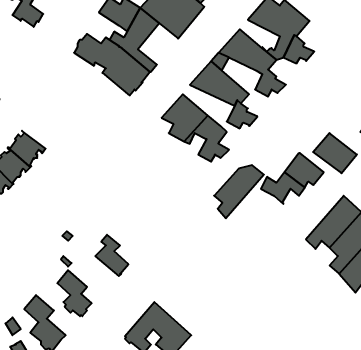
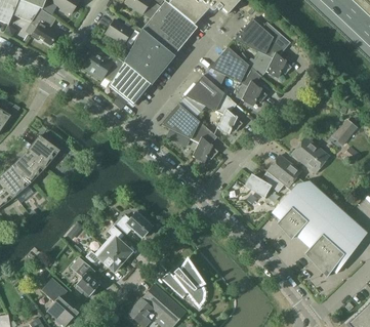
building: none -> [139,42,174,78]
building: [214,165,264,218] -> [275,183,318,230]
building: none -> [116,212,152,238]
building: none -> [85,244,123,272]
building: none -> [161,261,206,308]

